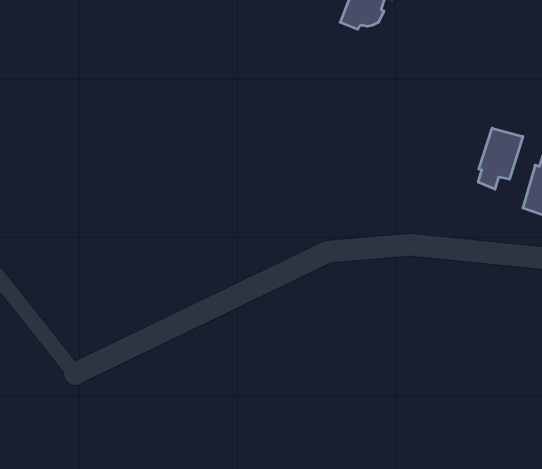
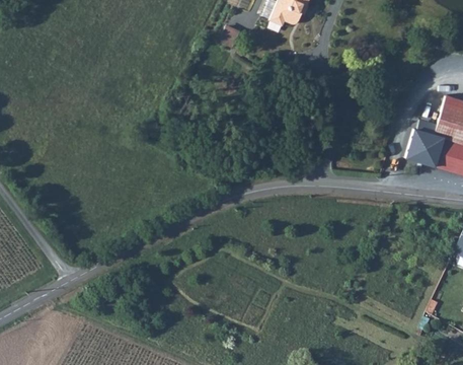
building: [478,128,523,189] -> none

